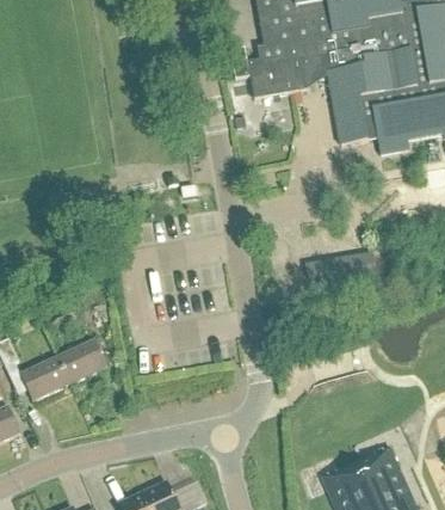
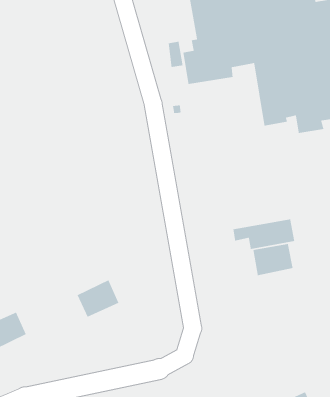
building: none -> [252,243,294,276]
building: [58,339,107,383] -> [77,279,119,318]

